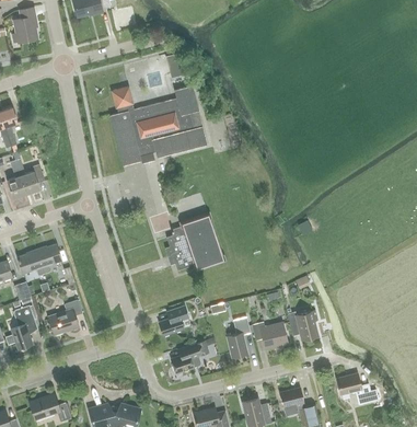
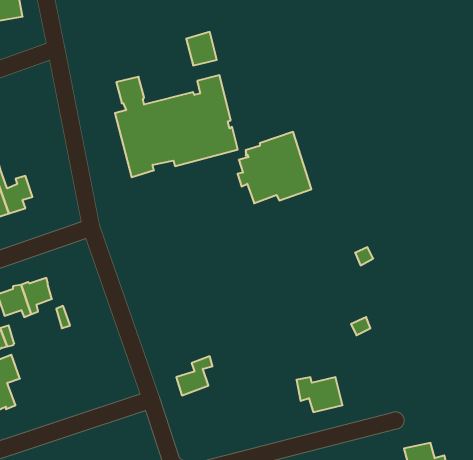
building: [164,215,222,270] -> [237,132,311,203]
building: [48,300,82,334] -> none
building: [287,310,317,339] -> none
building: [225,316,250,358] -> none
building: [171,341,208,373] -> none

